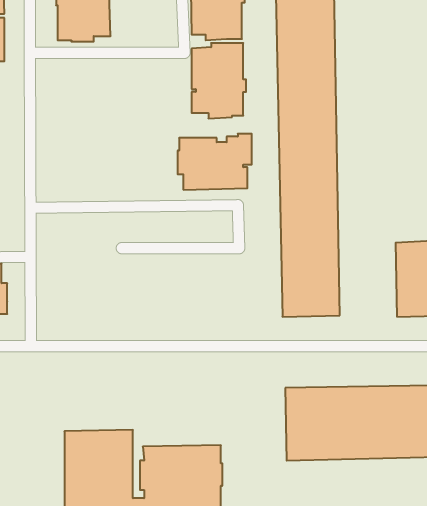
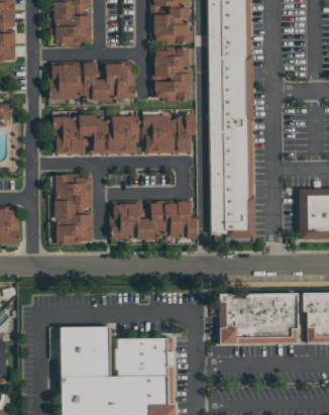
building: none -> [47,62,135,101]
building: none -> [51,115,139,154]
building: none -> [53,175,93,245]
building: none -> [109,200,196,240]

